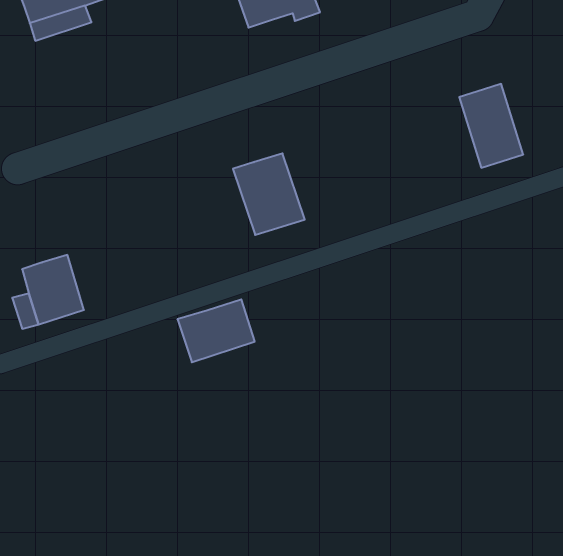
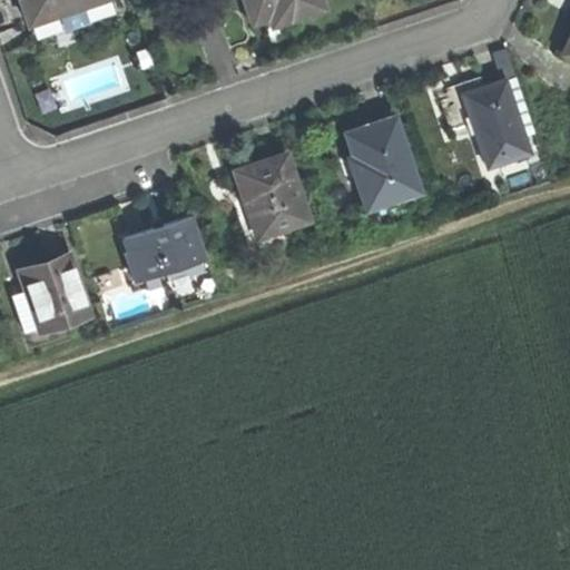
building: none -> [346,116,419,208]
building: [177,299,255,362] -> [124,218,202,282]

